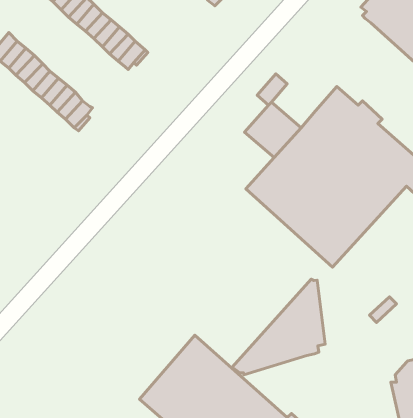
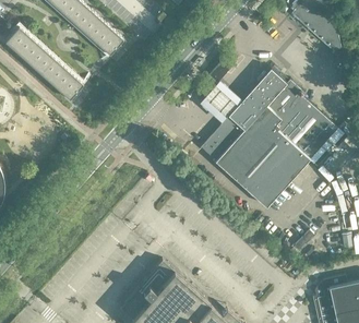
building: [232,279,325,375] -> none

